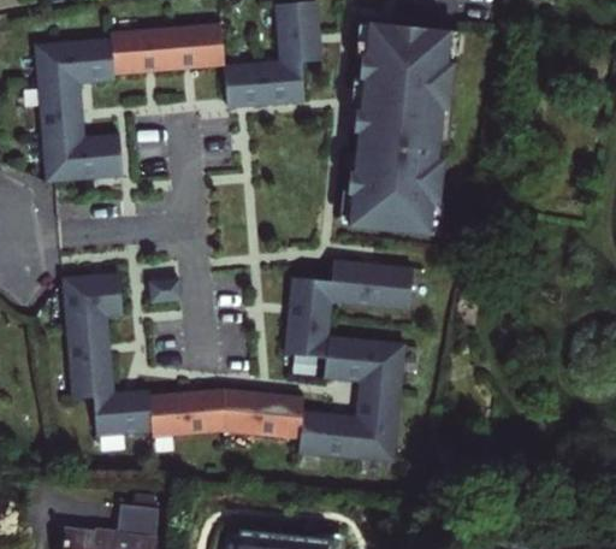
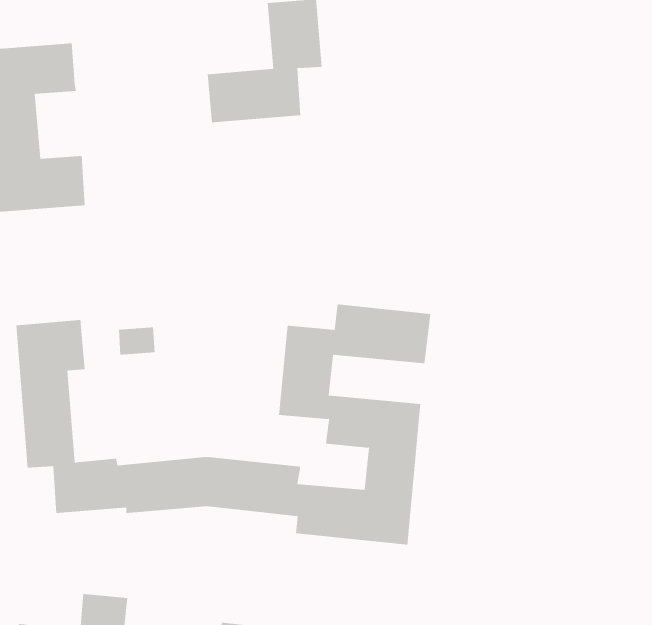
building: [112,24,225,75] -> none
building: [349,24,454,235] -> none

